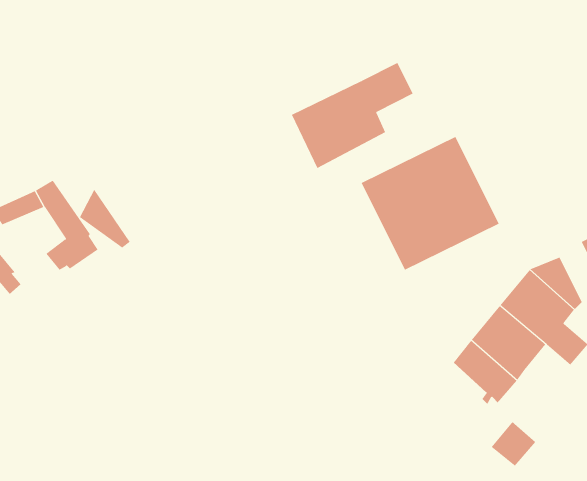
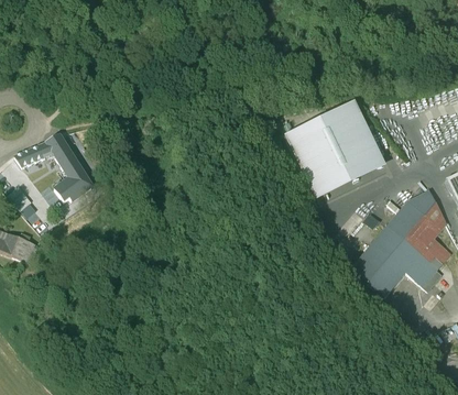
building: [291,62,413,169] -> none
building: [79,189,130,248] -> none
building: [491,421,536,466] -> [404,253,437,286]

